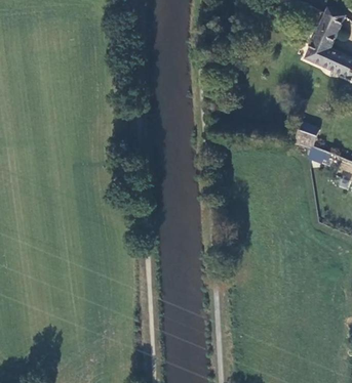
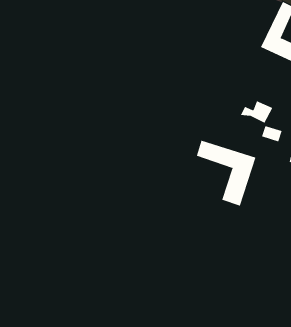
building: none -> [196,140,256,206]

